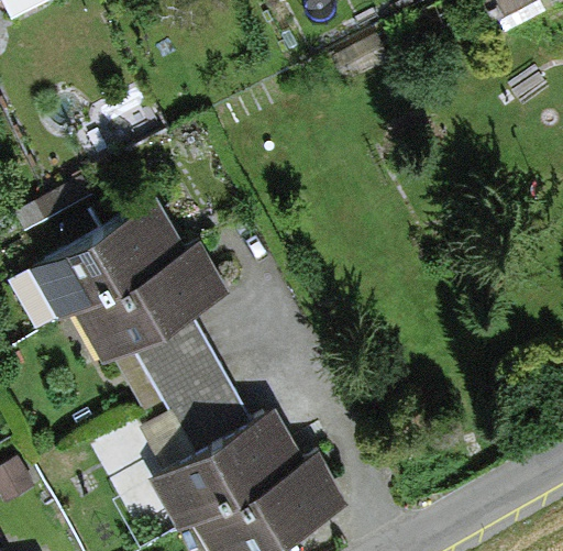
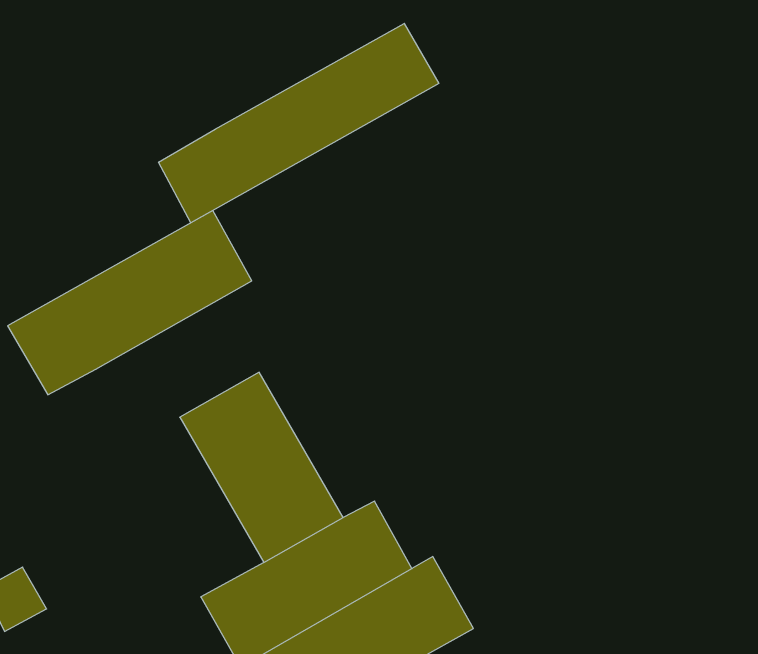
building: none -> [159,23,439,223]
building: [71,240,230,366] -> none

